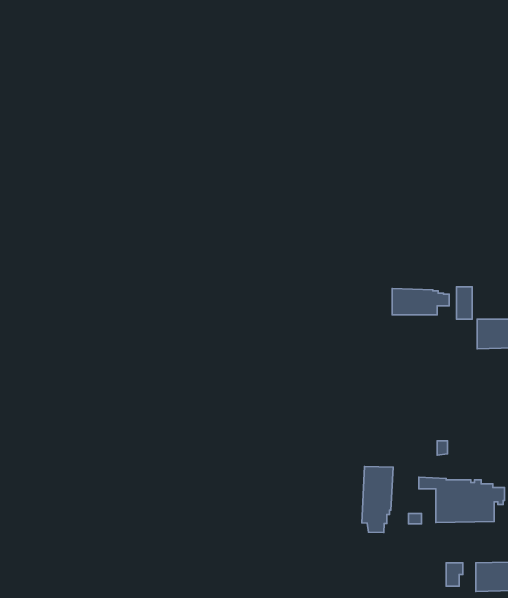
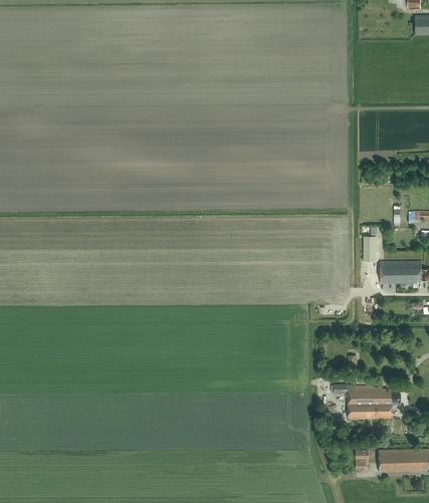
building: [392,289,449,315] -> none
building: [362,467,393,533] -> none

